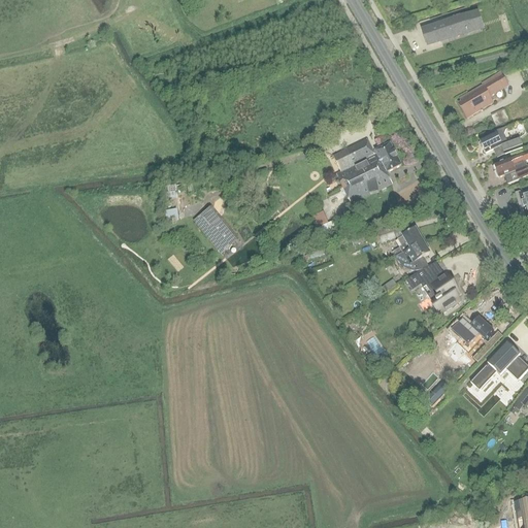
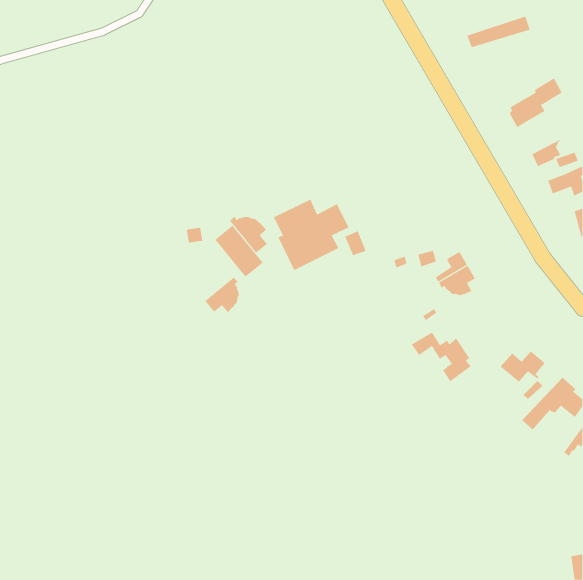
building: [333,137,402,202] -> [273,199,350,271]
building: none -> [229,216,268,254]
building: none -> [205,277,239,313]
building: [405,267,460,312] -> [411,332,471,382]

